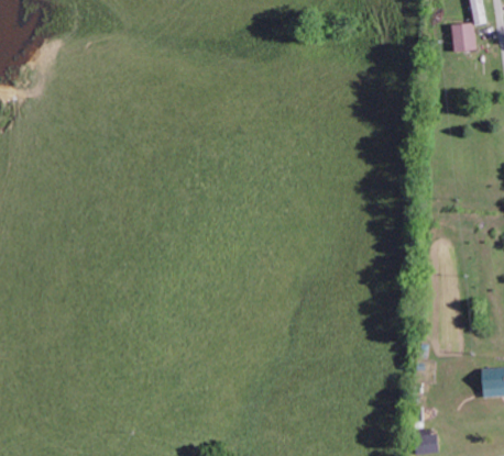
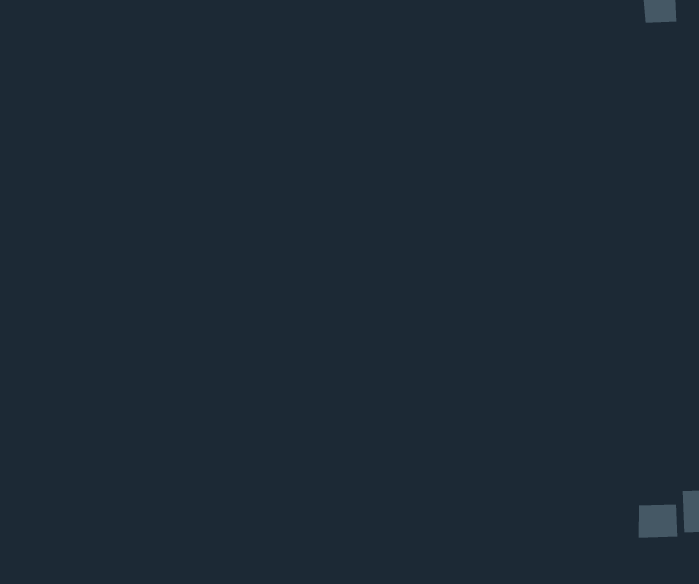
building: none -> [638,504,678,538]

